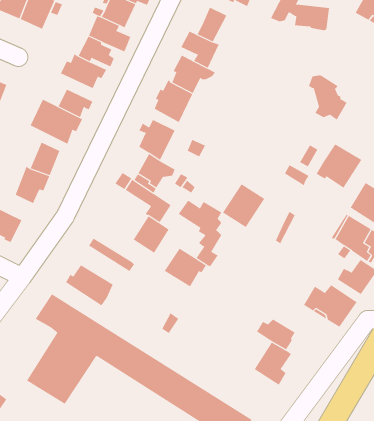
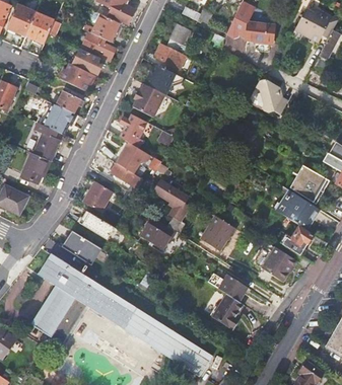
building: [316,143,362,188] -> none
building: [222,184,265,228] -> [200,216,234,251]
building: [133,216,170,254] -> [83,181,113,212]

